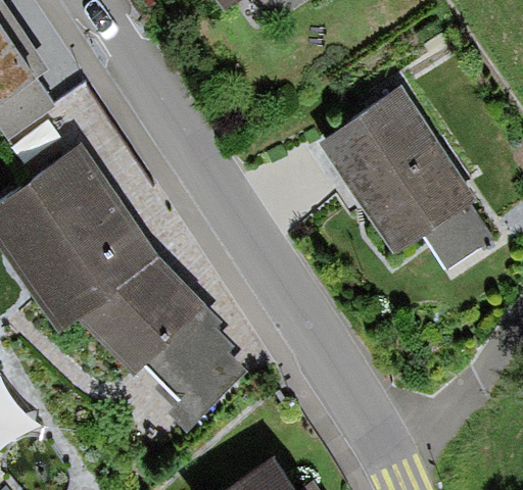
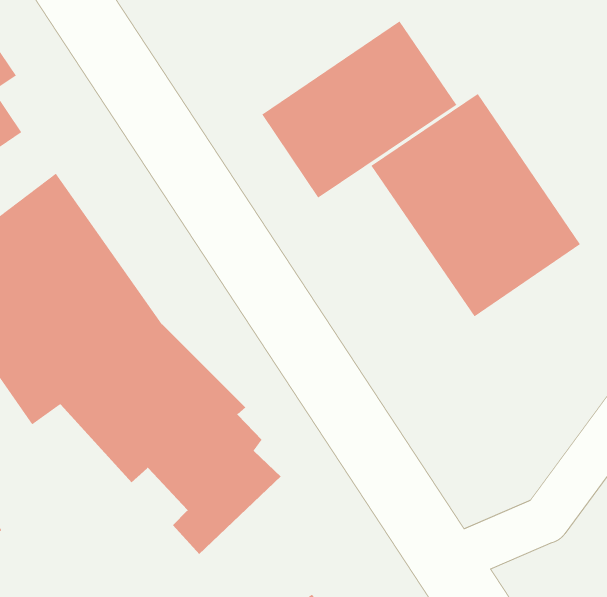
building: none -> [261,20,457,199]

